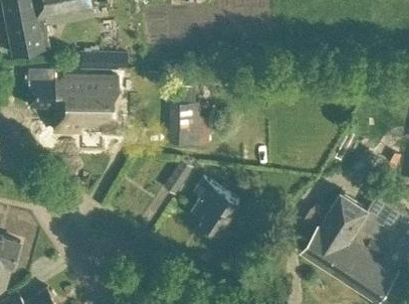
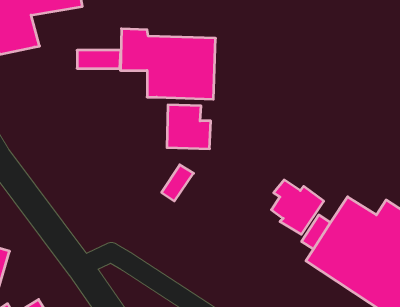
building: [25,67,115,134] -> [120,29,216,99]
building: [190,183,239,235] -> [271,180,324,234]

